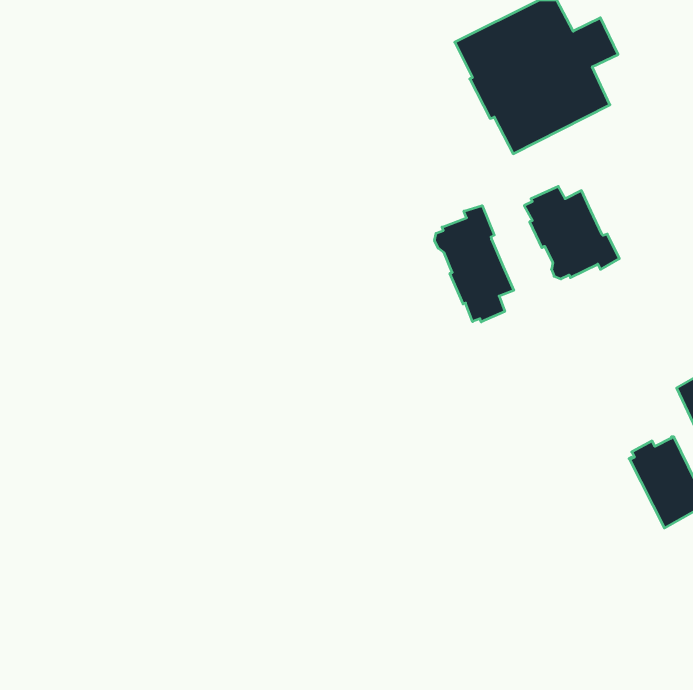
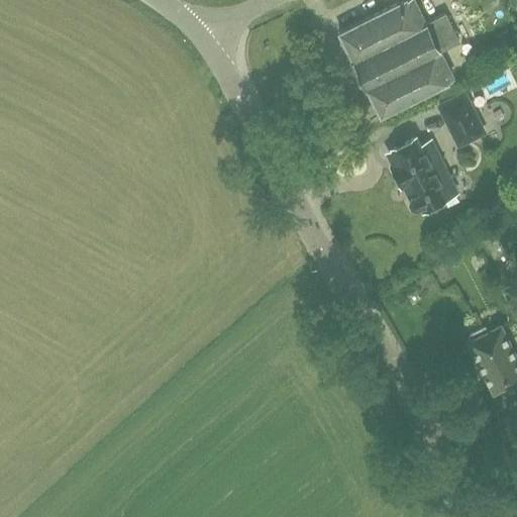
building: none -> [437,93,489,151]
building: [435,206,514,322] -> none

